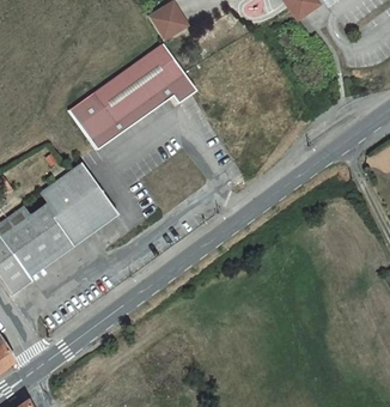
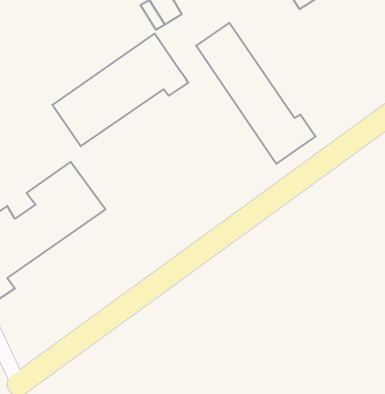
building: none -> [196,23,316,164]

